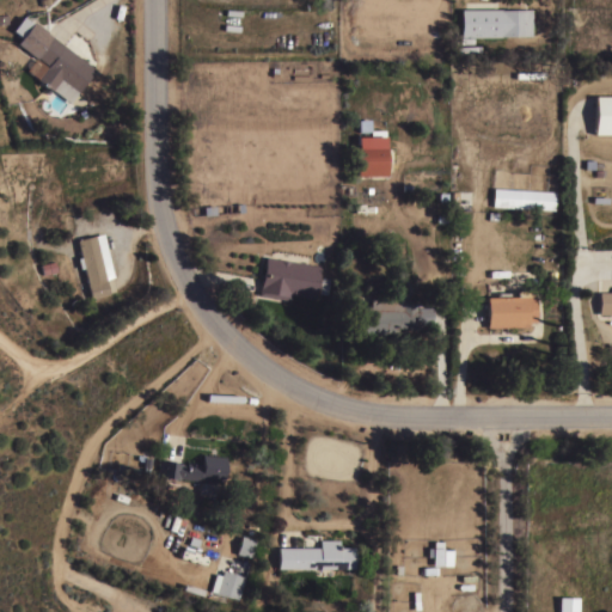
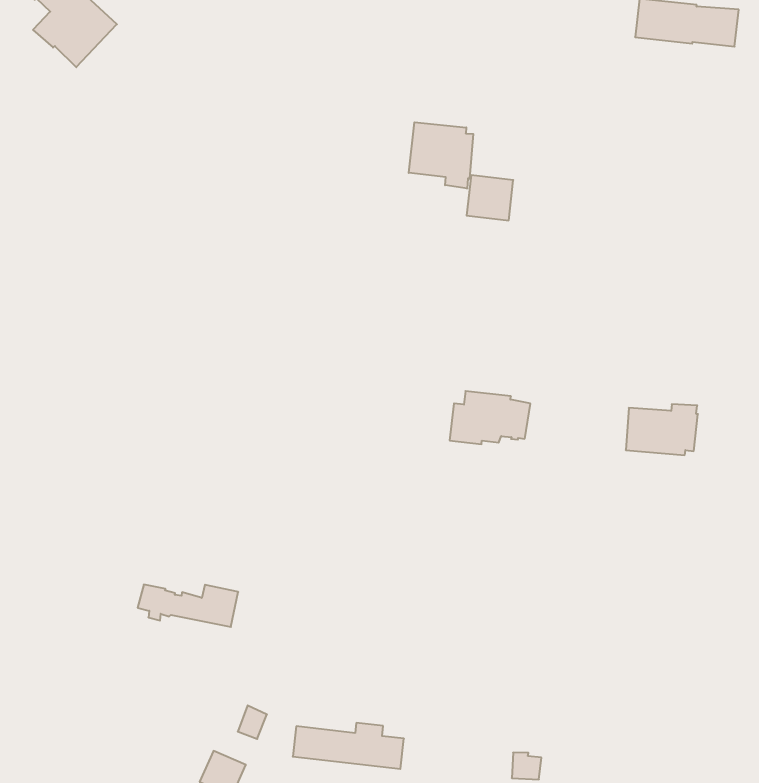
building: none -> [409,122,473,189]
building: [495,189,558,210] -> none
building: [80,234,117,299] -> none
building: [262,257,324,301] -> none

